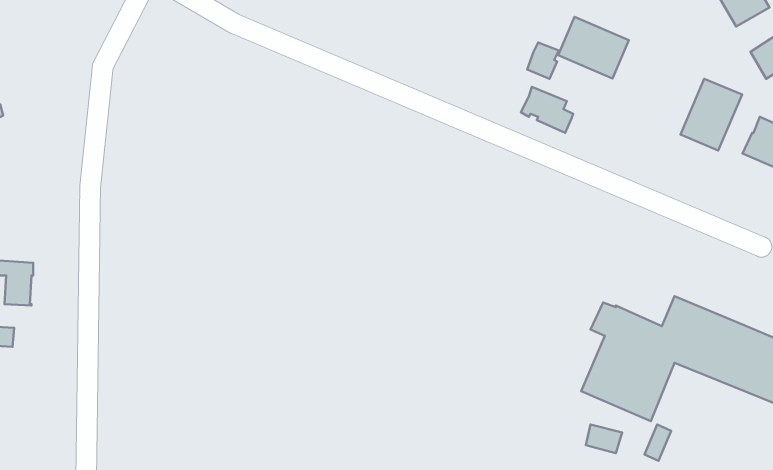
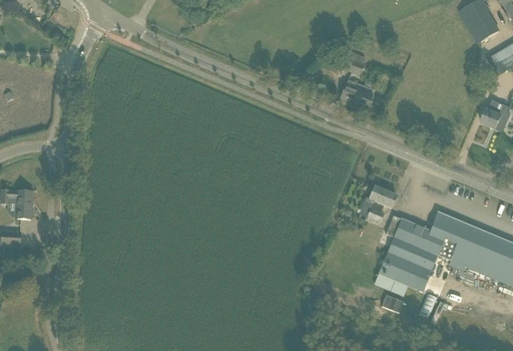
building: [558,17,629,79] -> none
building: [680,79,742,150] -> none
building: none -> [368,186,397,221]

